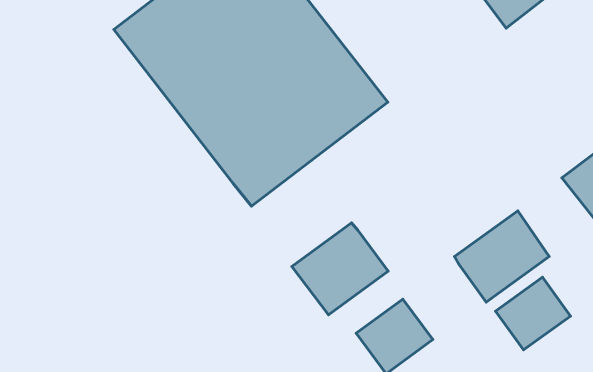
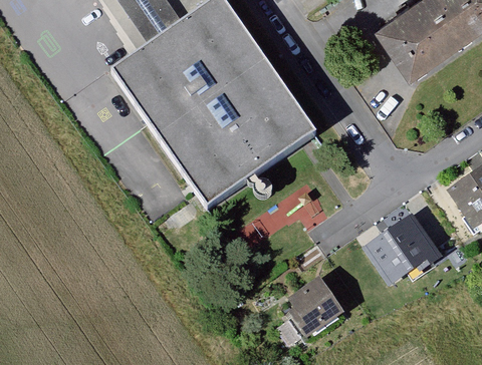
building: [292,223,388,315] -> none
building: [496,277,571,350] -> none

